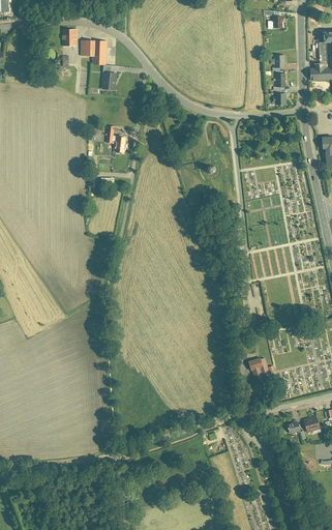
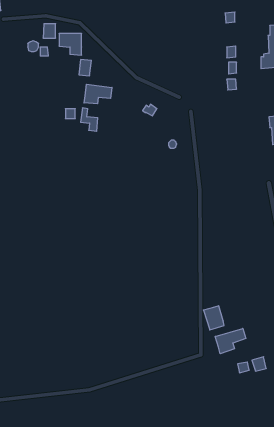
building: none -> [84,84,112,104]
building: none -> [215,328,246,354]

